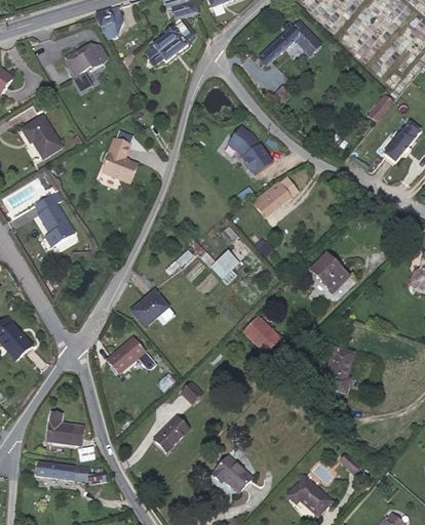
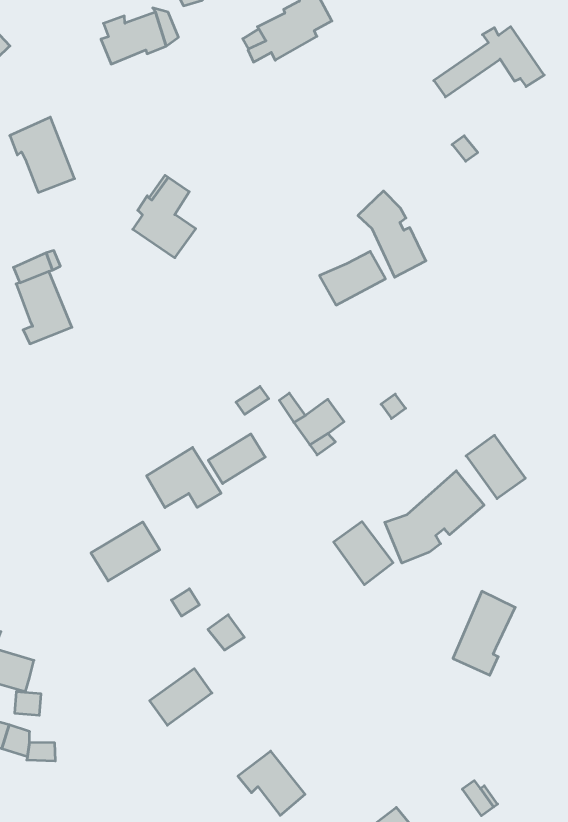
building: [253,183,291,216] -> [320,251,385,305]
building: none -> [208,434,265,484]
building: none -> [385,471,484,563]

